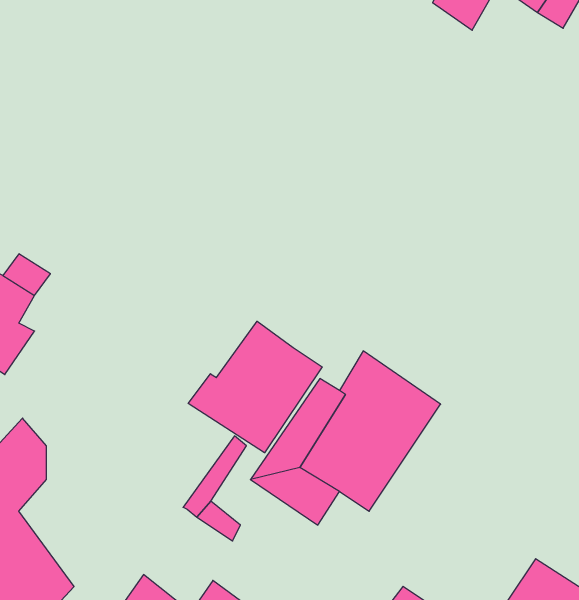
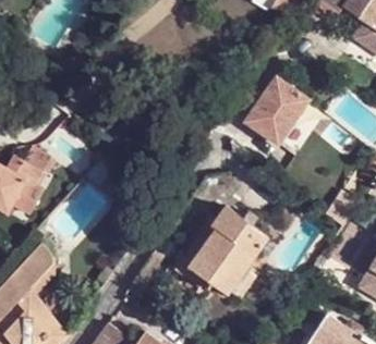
building: none -> [245,74,310,140]
building: [188,321,322,453] -> none

